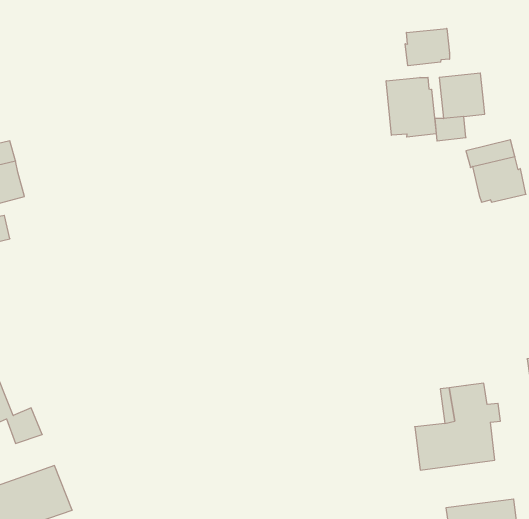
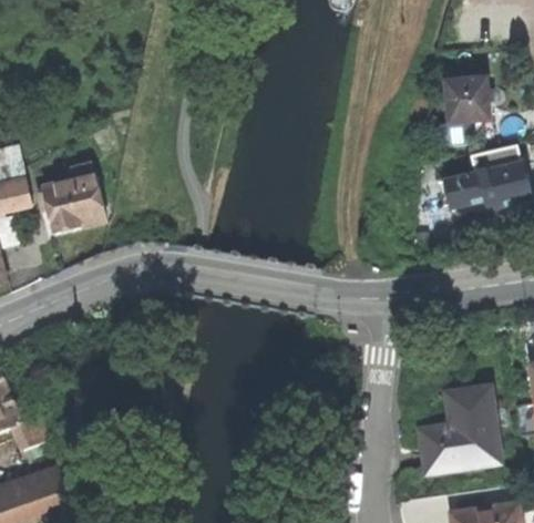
building: [405,28,449,66] -> none
building: [386,77,436,137] -> none
building: none -> [35,158,104,232]
building: none -> [443,171,483,207]

